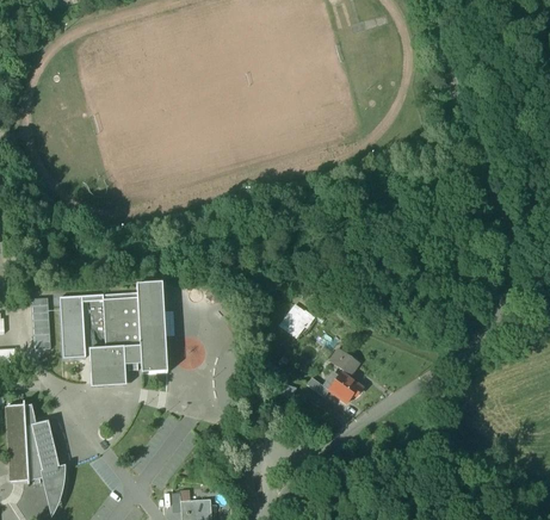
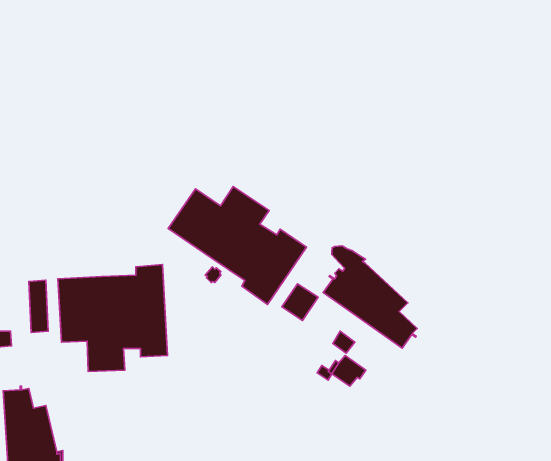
building: none -> [168,186,306,305]
building: none -> [323,246,417,348]

